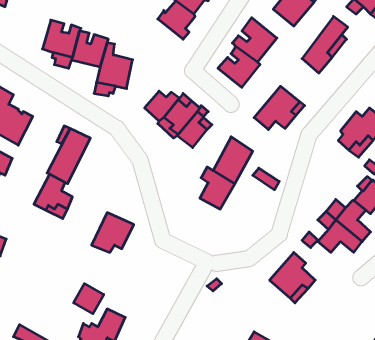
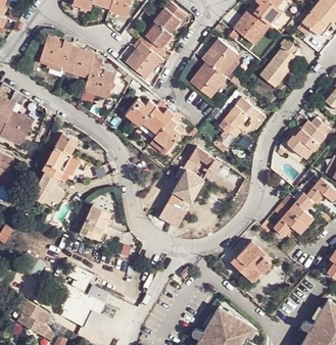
building: none -> [124,40,158,78]
building: none -> [157,192,190,227]

